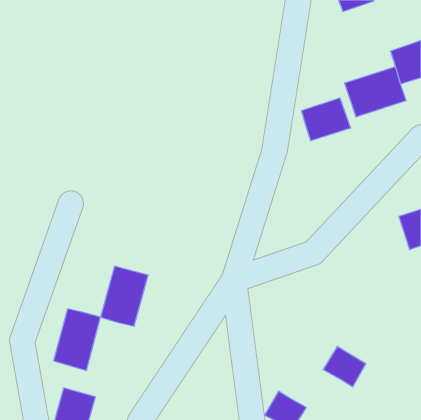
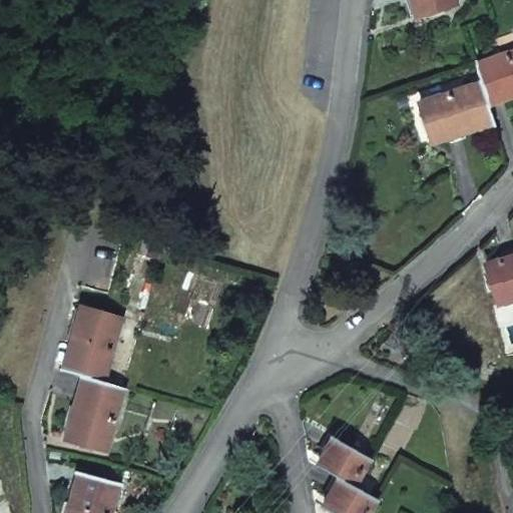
building: [301,98,350,141] -> none
building: [101,266,148,326] -> [62,309,120,382]
building: [323,346,366,387] -> [316,436,368,485]

